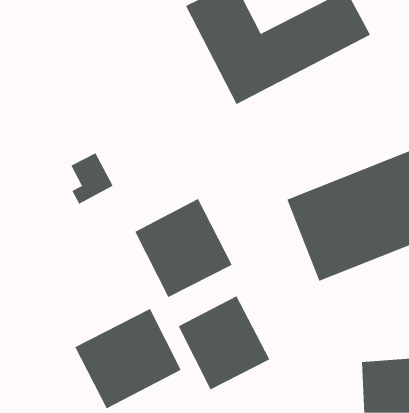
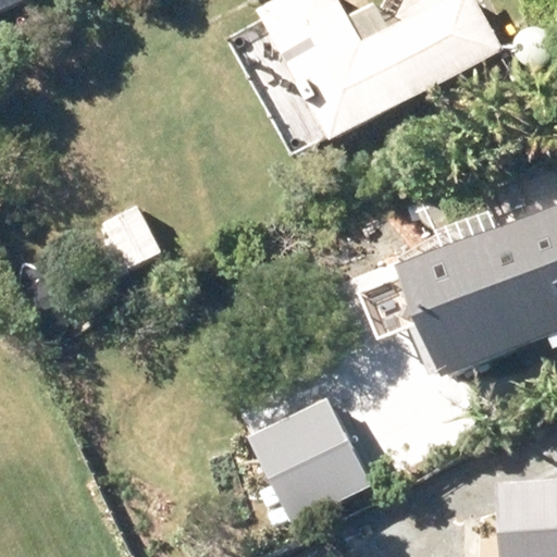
building: [135,198,233,298] -> none
building: [74,308,182,409] -> none

